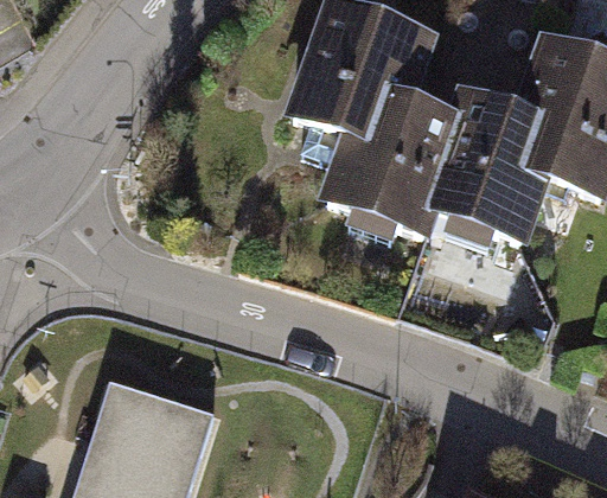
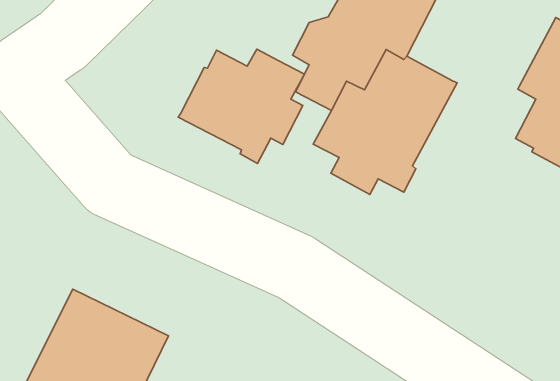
building: [429,97,545,251] -> none
building: none -> [178,49,304,163]

